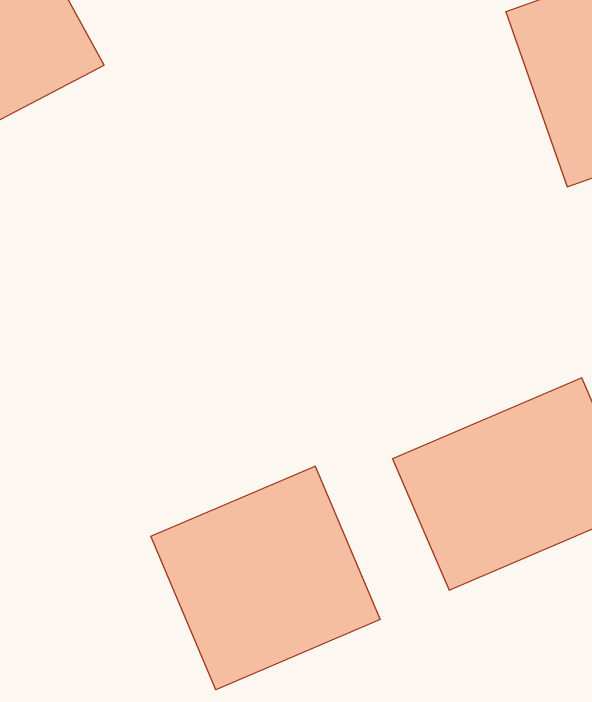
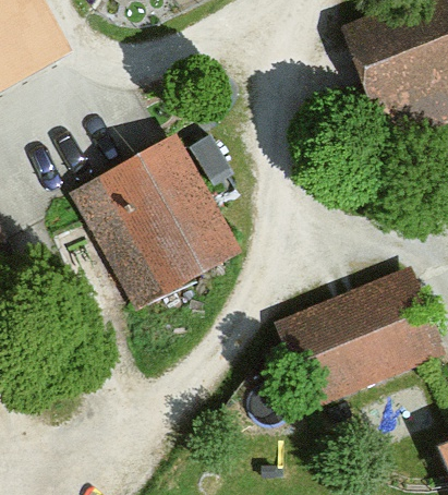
building: none -> [85,147,230,294]
building: [151,466,380,690] -> none

